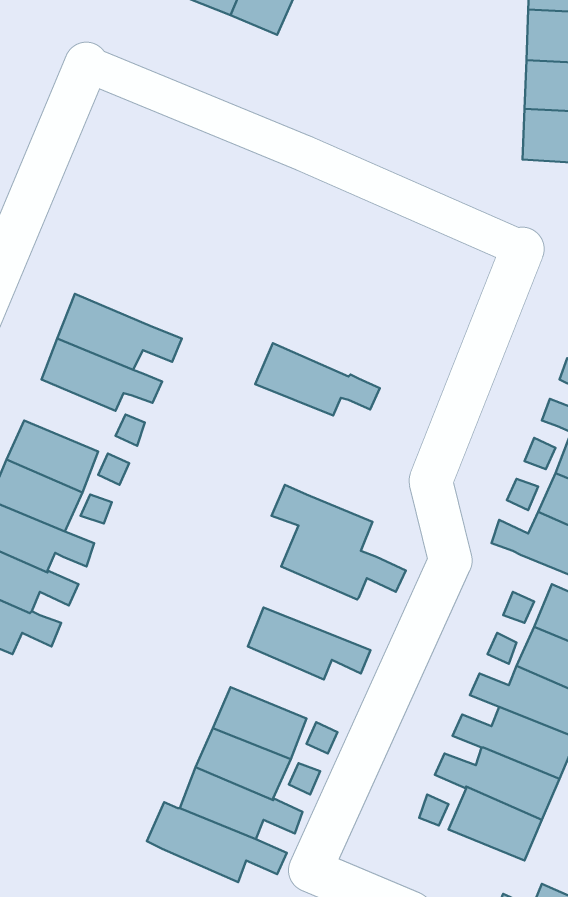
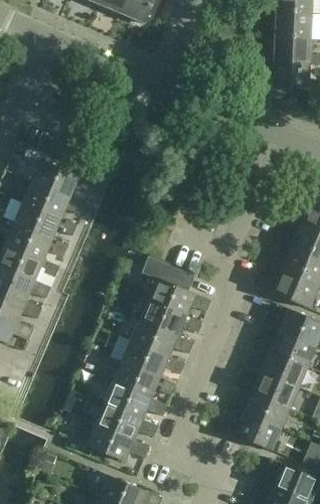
building: [255,343,380,415] -> [139,299,203,336]
building: none -> [15,202,62,239]
building: none -> [122,340,186,377]

